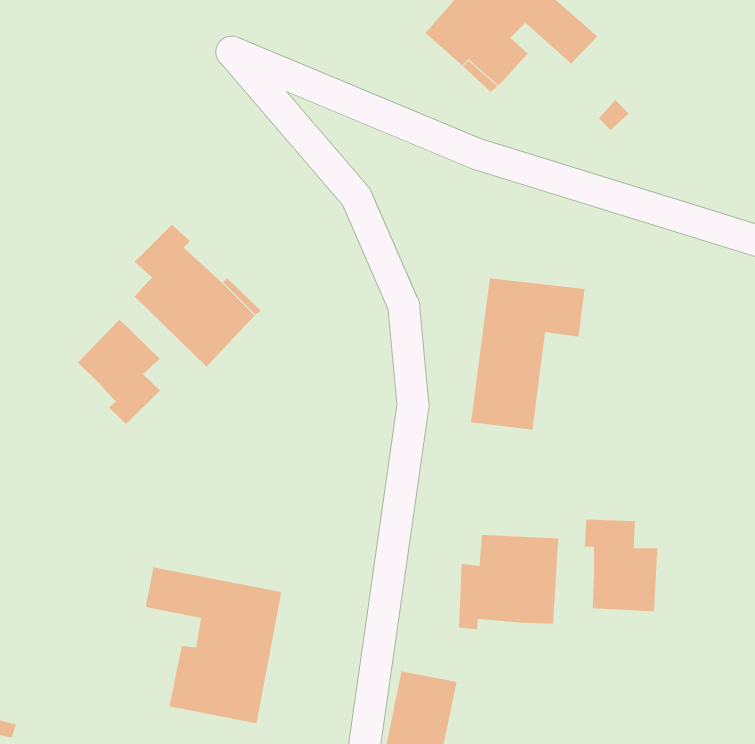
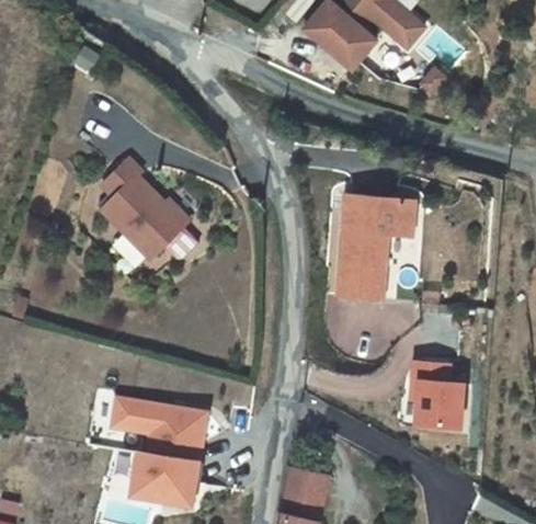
building: [77,319,161,425] -> none
building: [458,534,559,630] -> none

